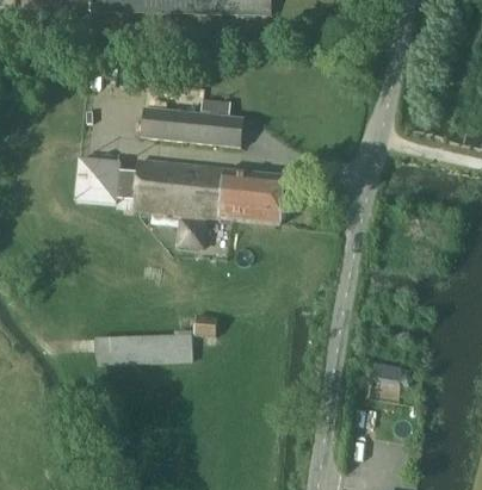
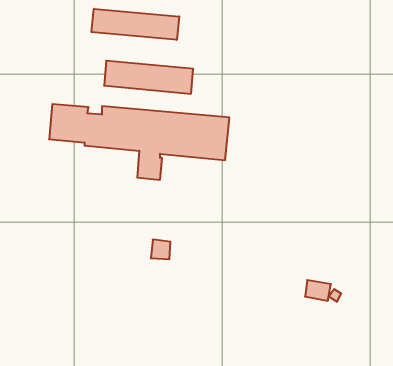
building: none -> [92,9,179,40]
building: [94,331,192,360] -> none

